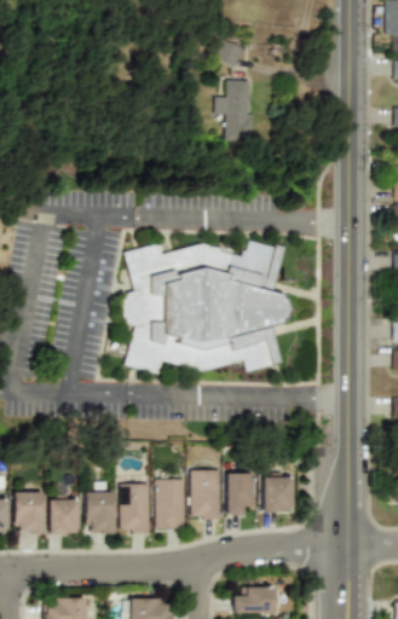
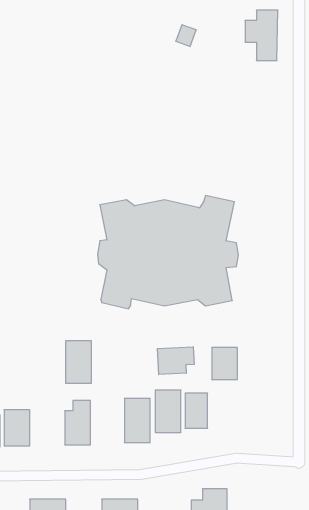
building: [215,80,254,139] -> [245,10,278,61]
building: none -> [157,347,194,375]
building: [263,475,293,513] -> [212,348,237,379]
building: [120,484,150,533] -> [66,341,91,383]
building: [48,497,79,534] -> none

